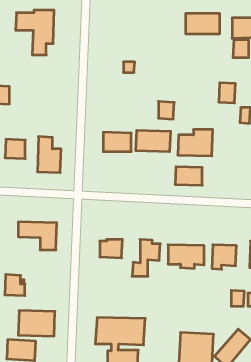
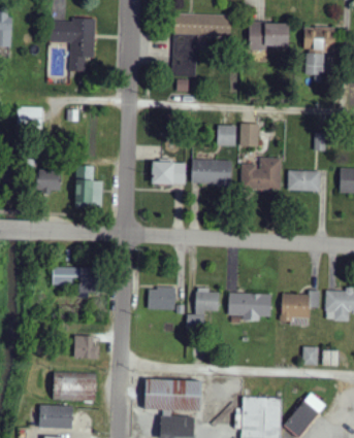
building: none -> [171,14,230,76]
building: [219,83,235,103] -> [239,124,259,147]
building: [175,167,202,185] -> [287,170,319,192]
building: [5,274,25,296] -> [73,335,97,360]

